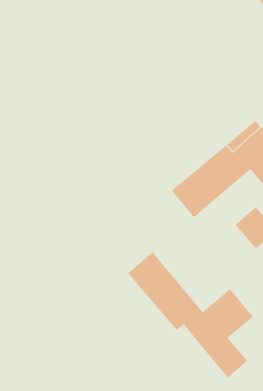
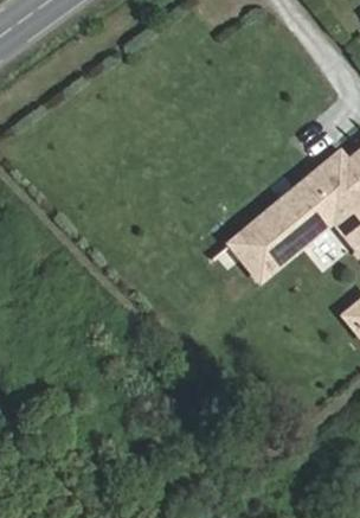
building: [127,251,254,378] -> none

